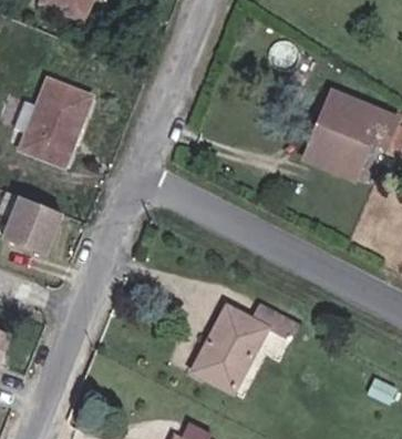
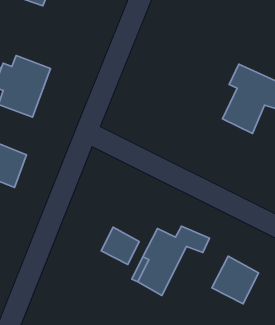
building: none -> [101,227,139,264]
building: none -> [212,256,259,304]

